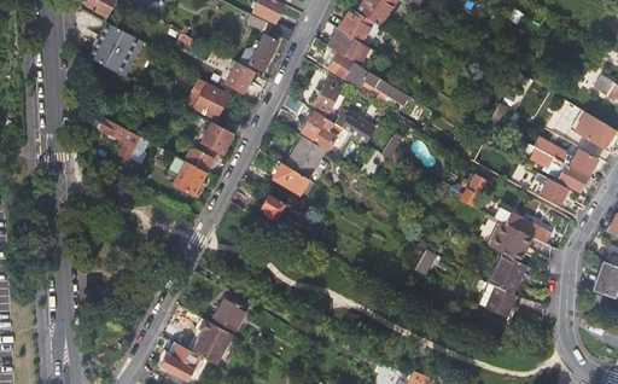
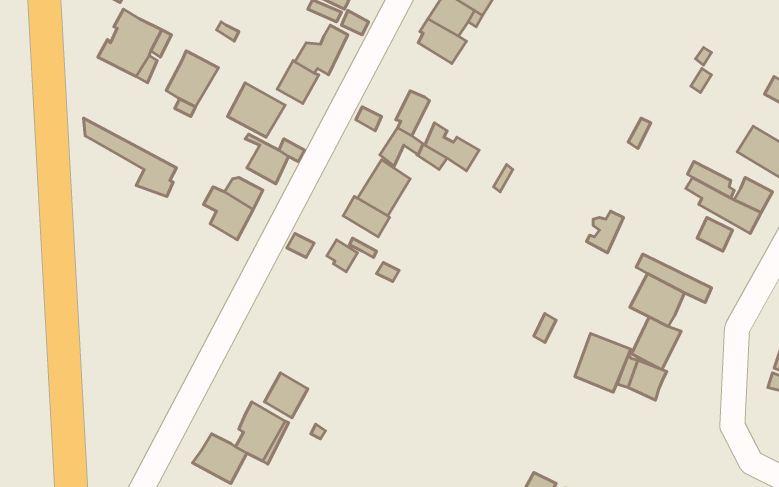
building: [327,50,407,105] -> none
building: none -> [166,51,218,107]
building: none -> [575,334,631,392]

